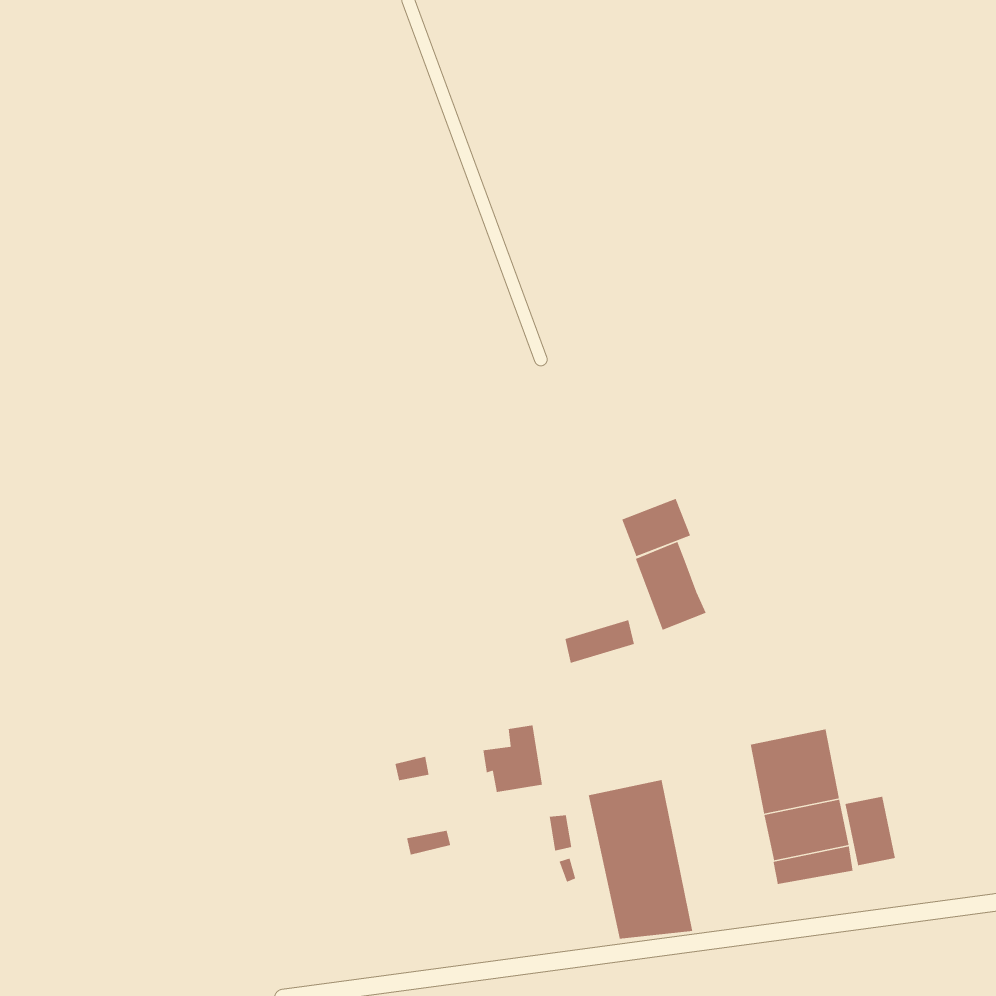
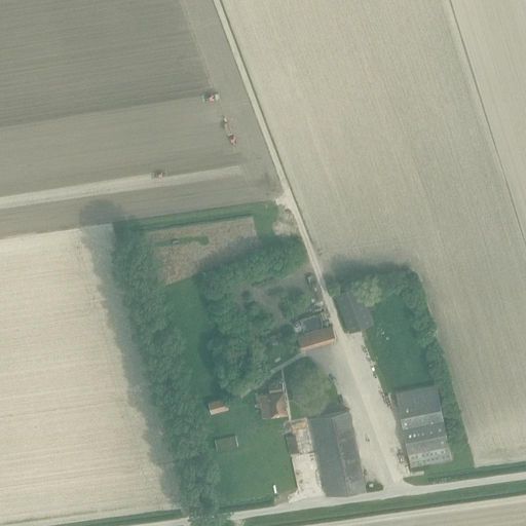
building: [621,498,691,557] -> none
building: [845,796,896,866] -> none

